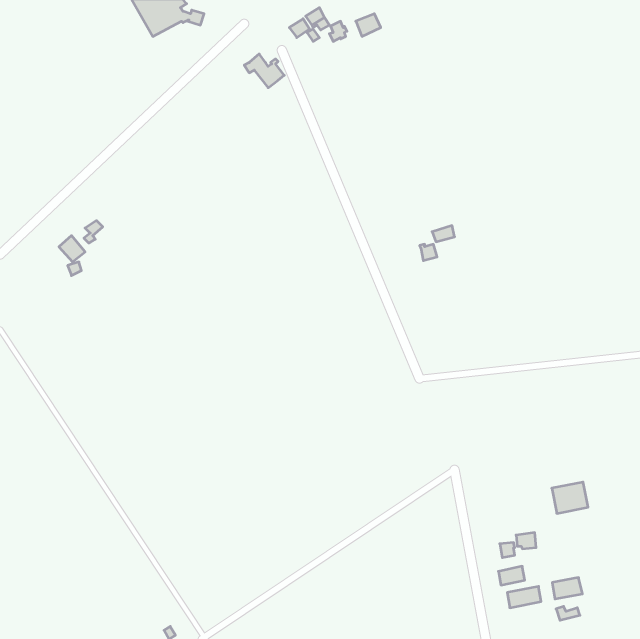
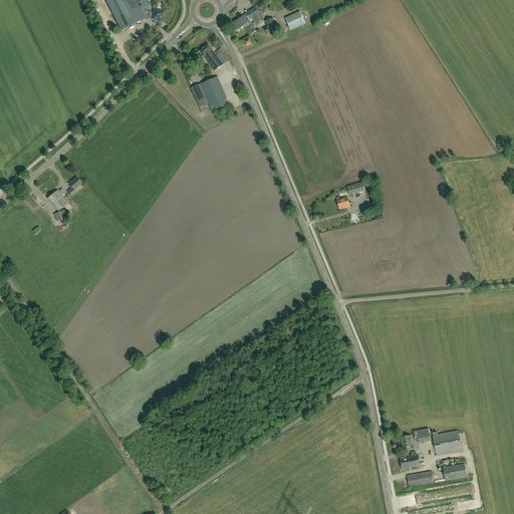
building: none -> [193,77,227,110]
building: [552,482,588,513] -> [433,430,462,455]

